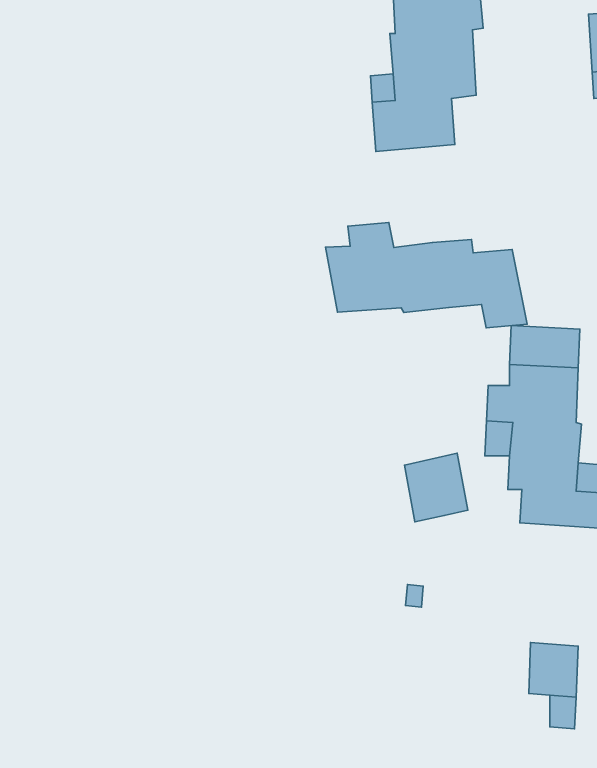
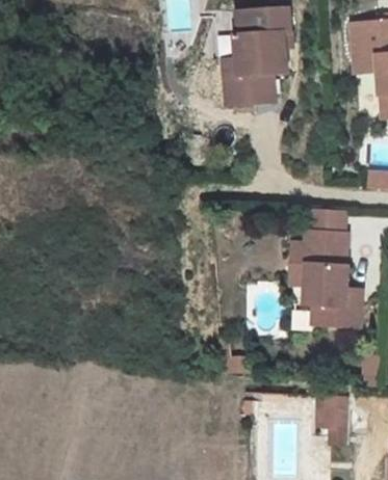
building: [326,223,527,328] -> none
building: [404,453,468,522] -> none

